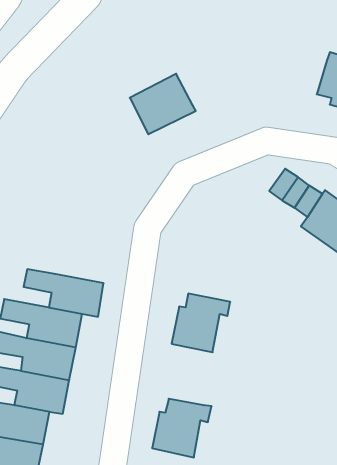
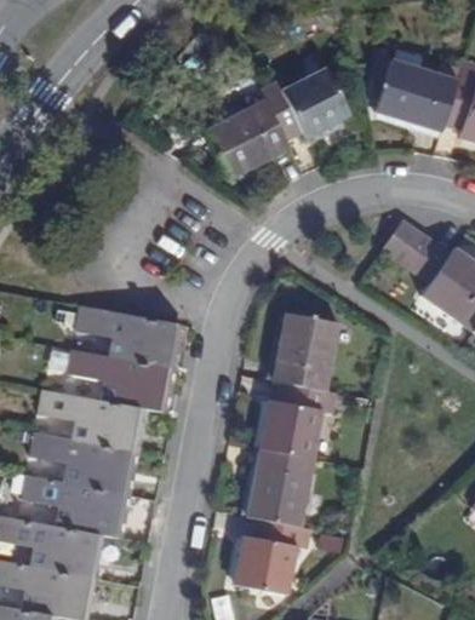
building: none -> [382,59,460,131]
building: none -> [259,64,349,138]
building: none -> [75,306,178,369]
building: none -> [273,312,336,391]
building: none -> [245,448,311,528]

